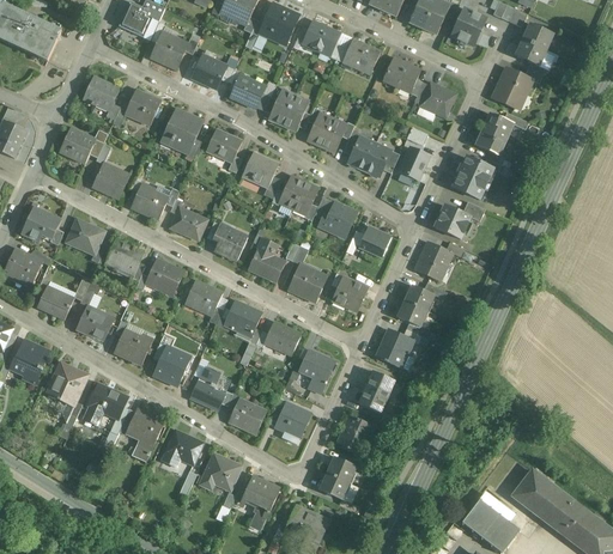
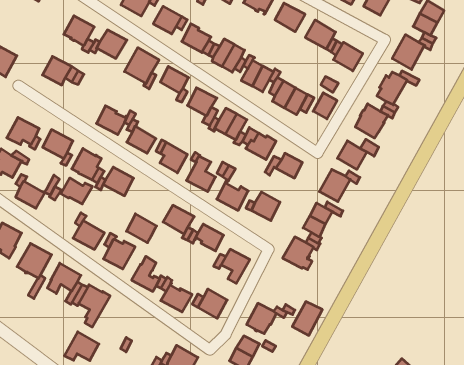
building: [92,164,129,199] -> none
building: [186,280,223,315] -> [126,214,157,243]
building: [77,309,115,340] -> [61,178,92,204]
building: [359,371,395,413] -> [292,302,322,335]
building: [162,430,204,465] -> [64,332,99,361]
building: [198,462,233,493] -> none

